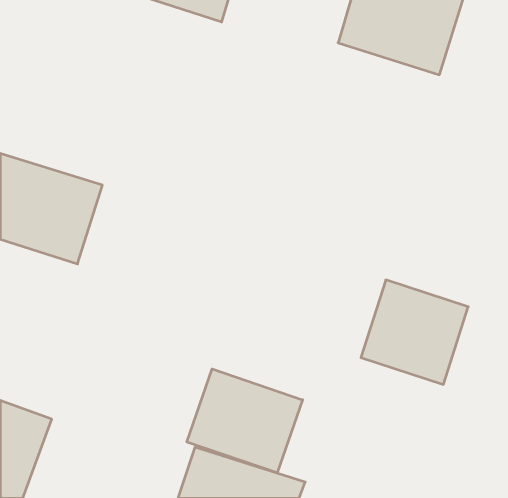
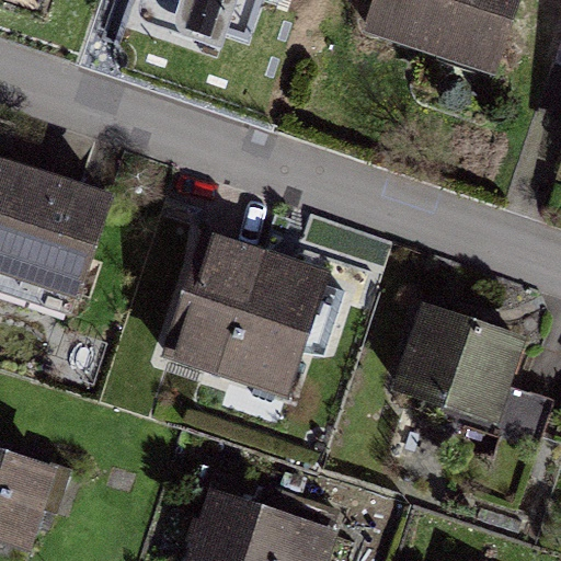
building: none -> [174,240,318,386]
building: [187,369,303,473] -> none

